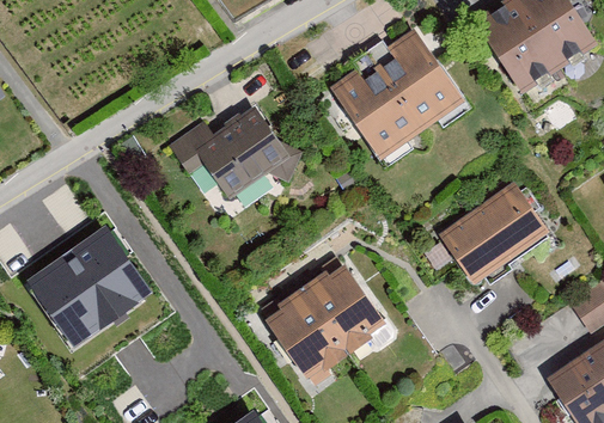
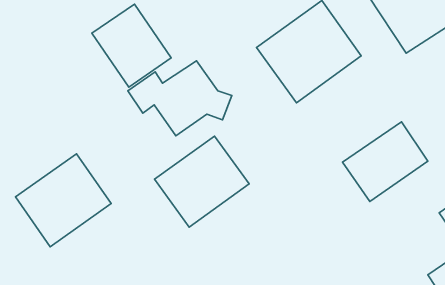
building: none -> [92,4,171,87]
building: [269,268,390,384] -> [155,136,249,227]

